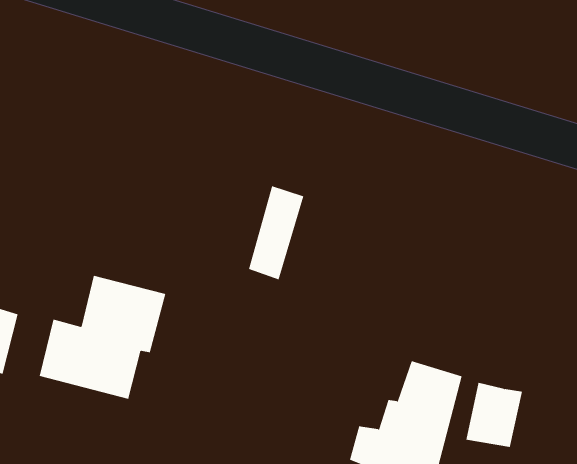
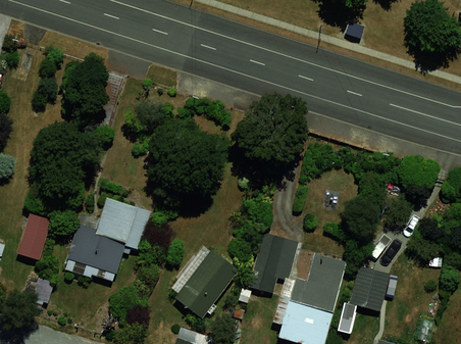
building: [248,185,304,280] -> [248,230,285,292]
building: none -> [172,251,235,316]

